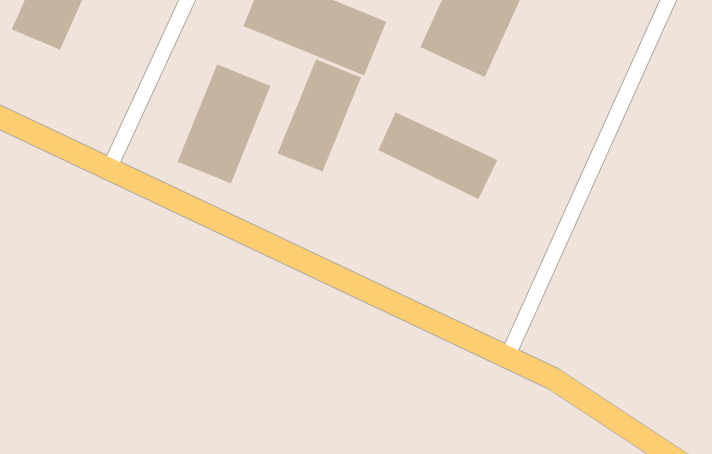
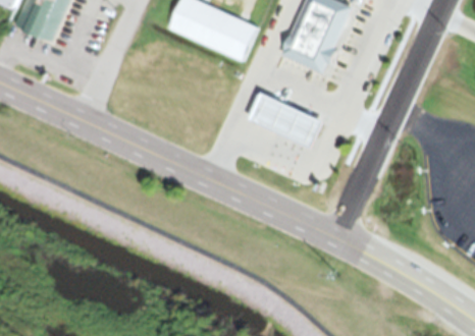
building: [277,59,362,172] -> none
building: [177,63,271,184] -> none

